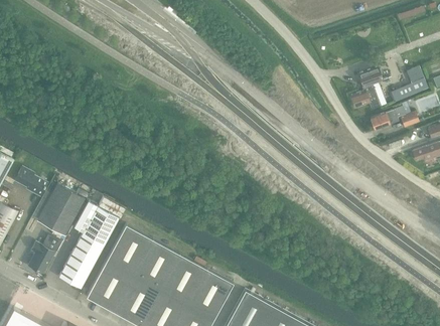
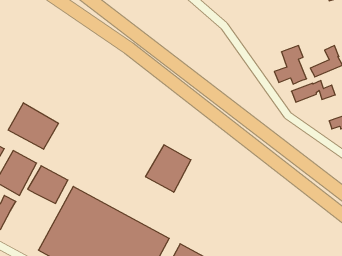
building: none -> [8,103,58,149]
building: none -> [146,145,191,192]
building: [57,233,104,290] -> none

